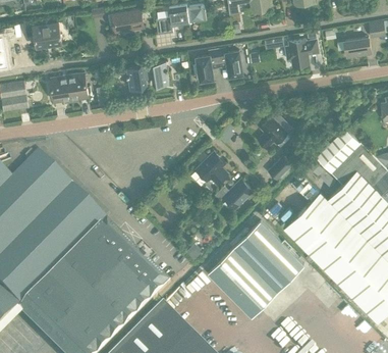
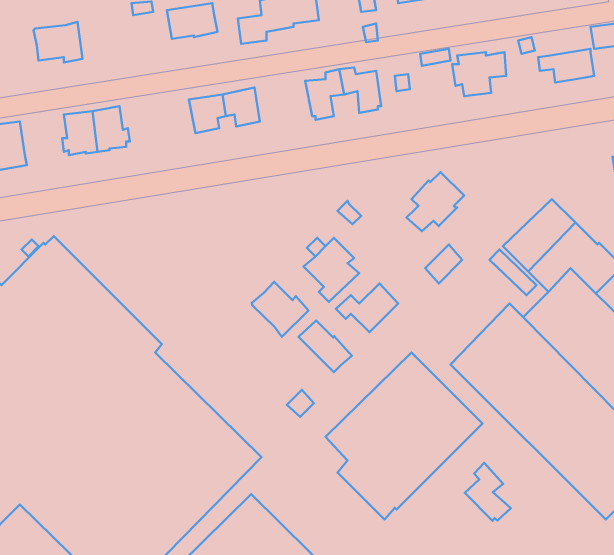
building: none -> [252,282,309,337]
building: none -> [299,320,352,372]
building: none -> [465,463,511,521]

